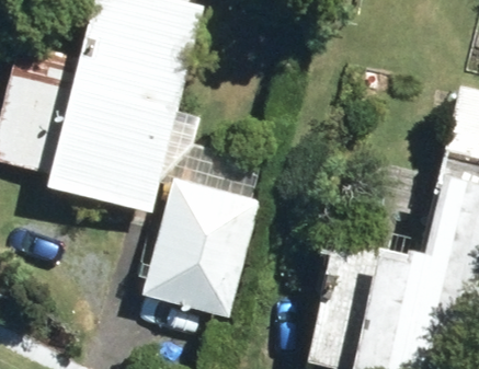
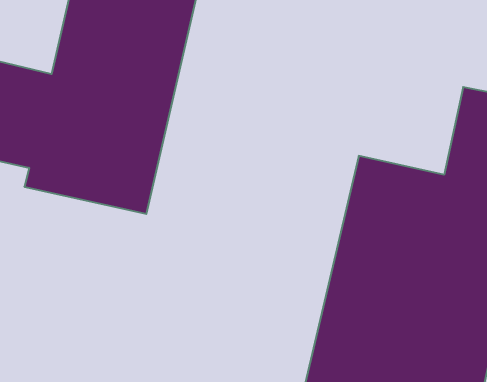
building: [139,185,255,320] -> none

